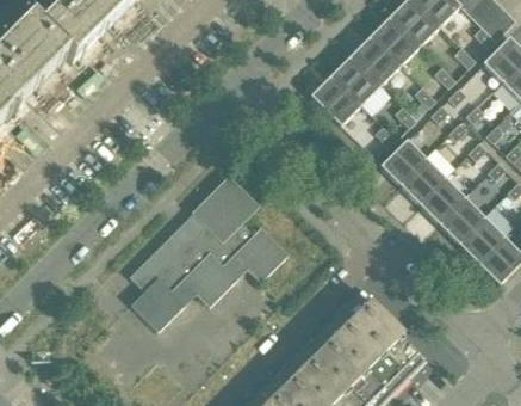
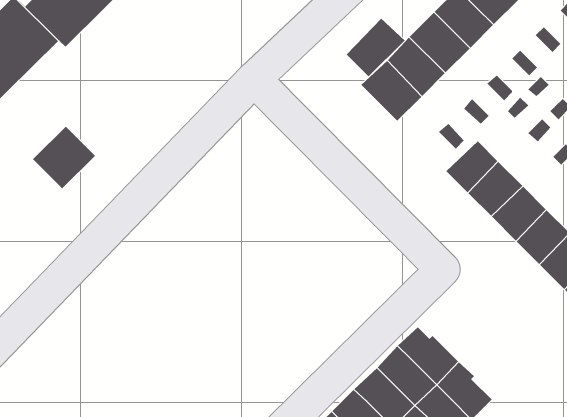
building: none -> [346,18,405,77]
building: none -> [32,126,96,189]
building: [129,177,287,332] -> none

